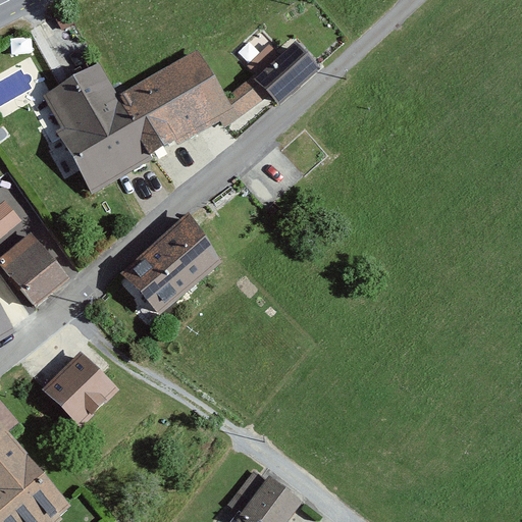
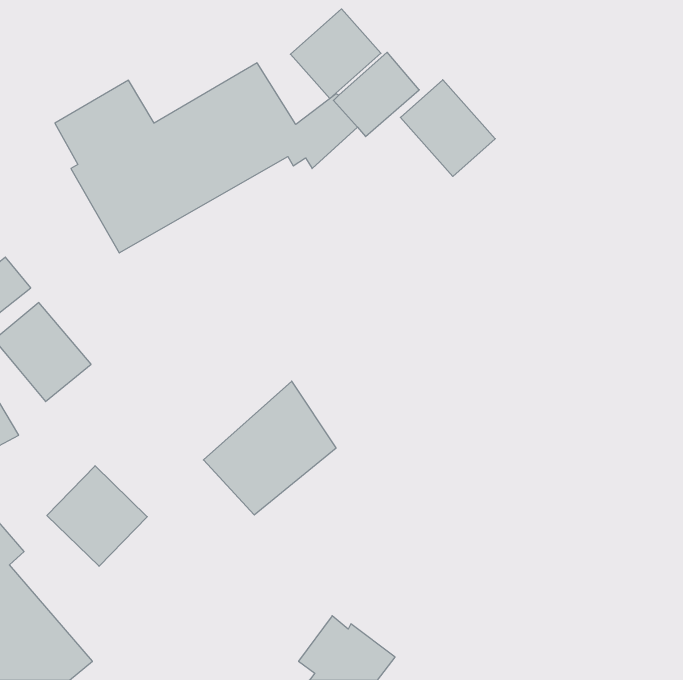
building: none -> [290,9,381,99]
building: none -> [400,80,495,176]
building: [119,212,220,314] -> [203,381,336,515]

